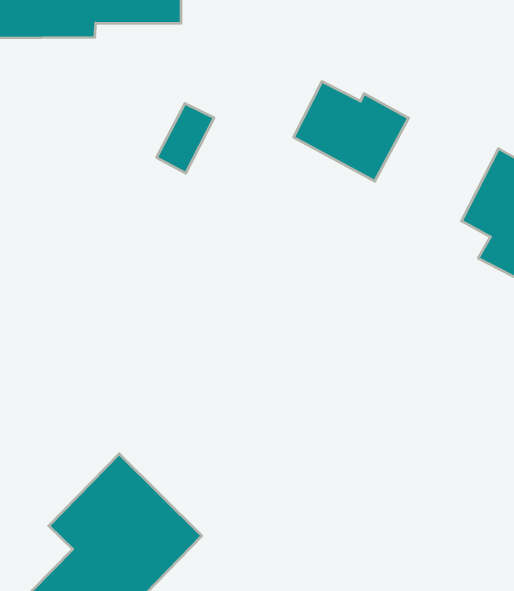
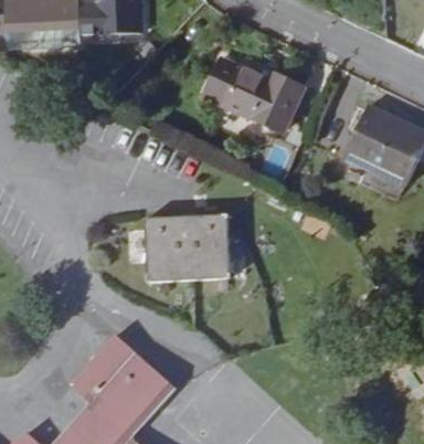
building: [157,103,214,173] -> [203,59,242,107]
building: none -> [146,219,231,281]

